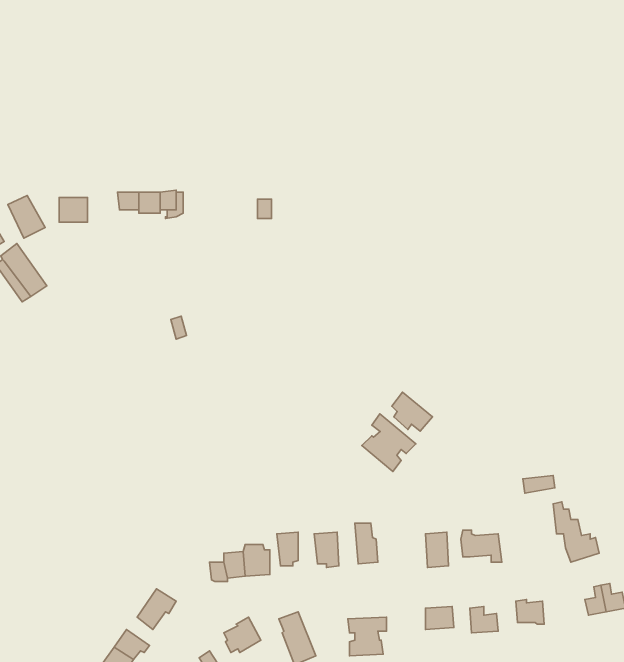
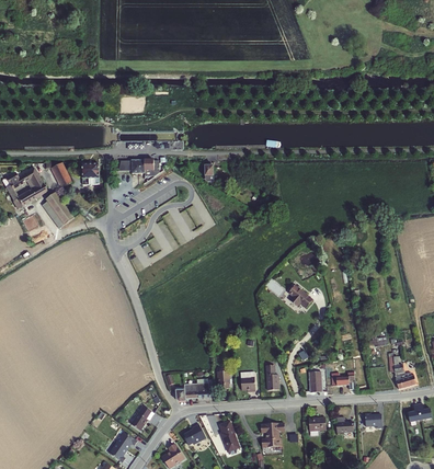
building: [362,414,416,471] -> none

